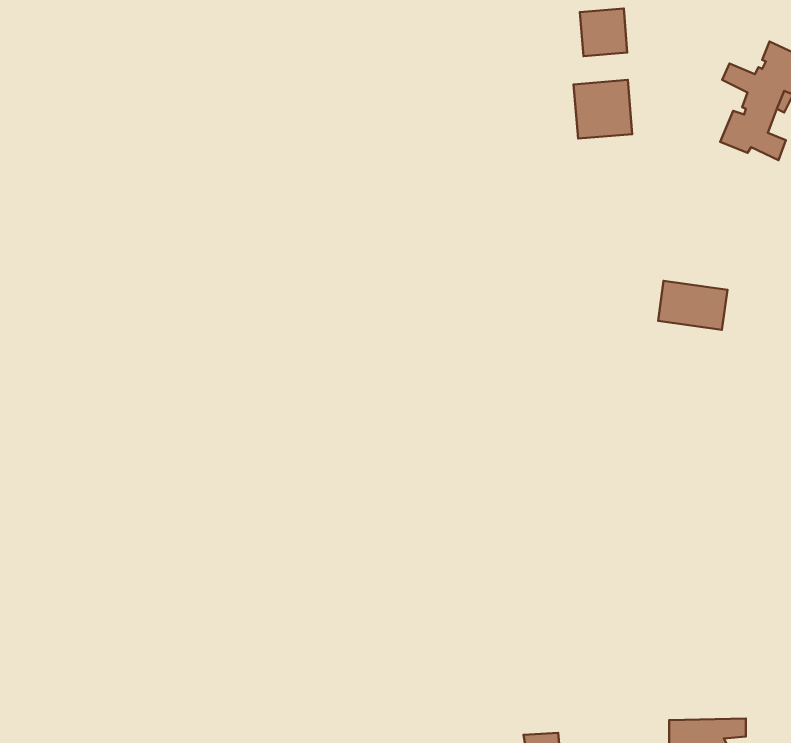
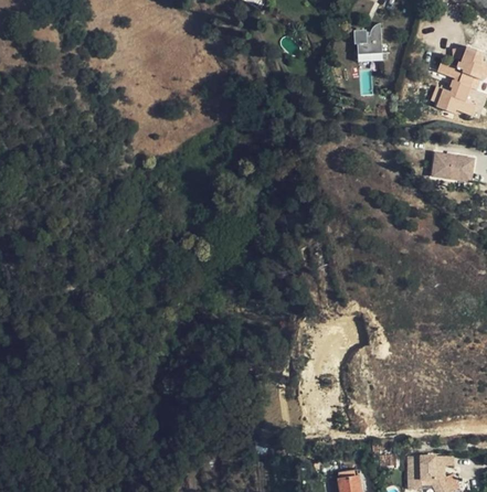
building: [574,80,632,139] -> none
building: [658,281,727,330] -> [433,152,475,182]

